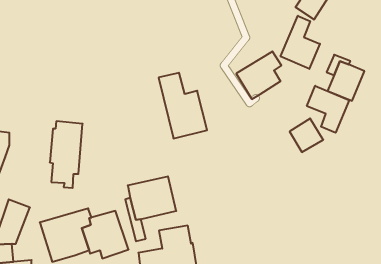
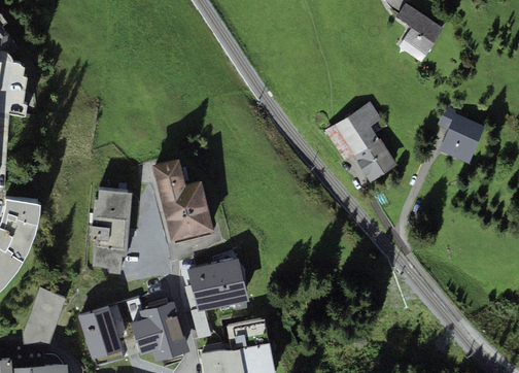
building: [281,16,320,69] -> none
building: [159,73,207,138] -> [152,159,213,241]
building: [307,86,349,133] -> none
building: [290,118,323,152] -> [354,139,396,181]

